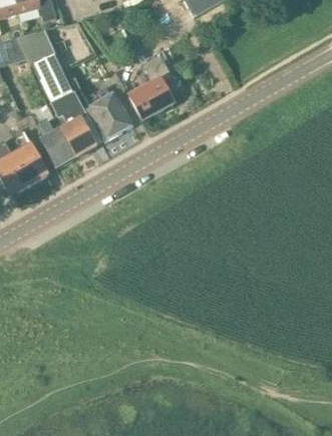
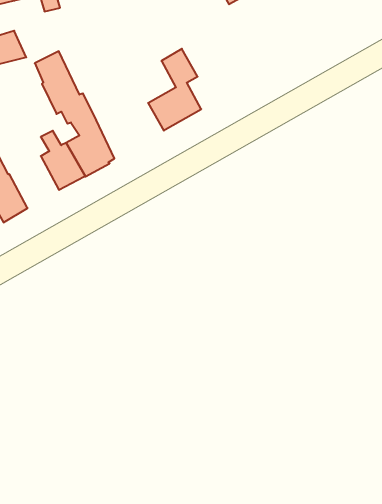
building: [18,28,56,61] -> none
building: [86,91,133,143] -> none
building: [14,146,48,184] -> none

